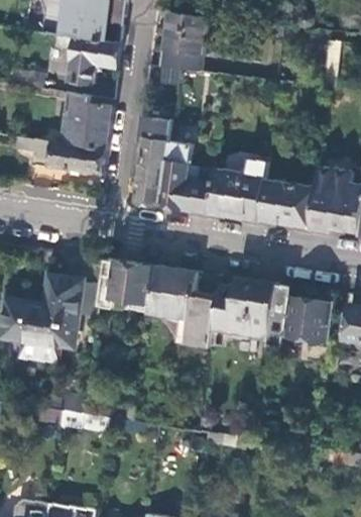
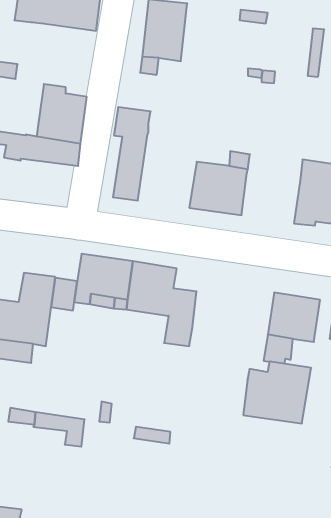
building: [54,35,119,85] -> none
building: [159,143,216,214] -> none
building: [259,181,316,229] -> none
building: [212,278,277,337] -> [243,362,311,423]

